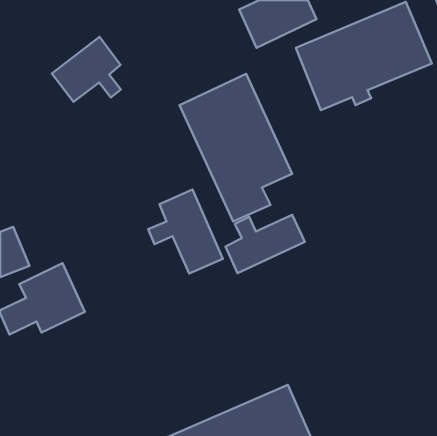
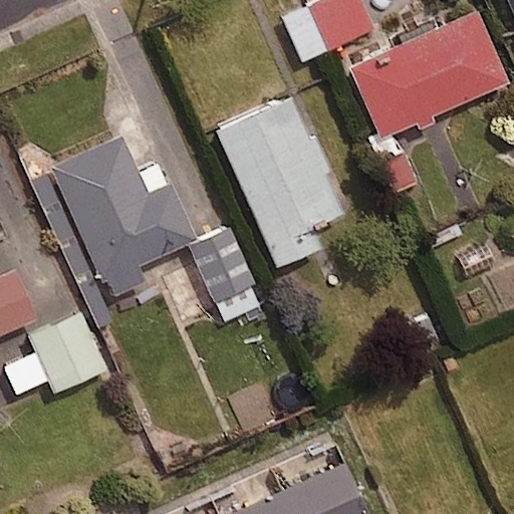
building: [52,37,121,102] -> none
building: none -> [33,136,196,298]
building: [225,215,305,273] -> none

